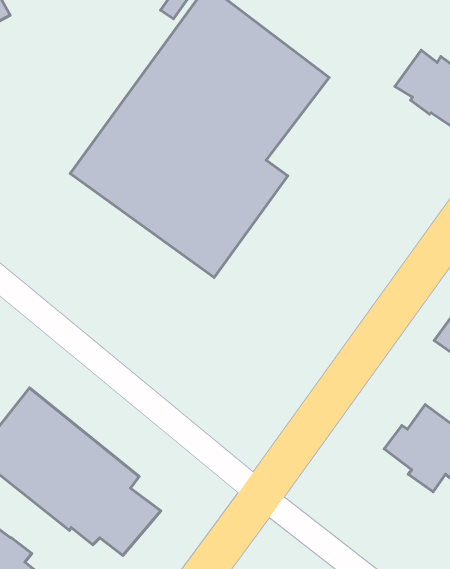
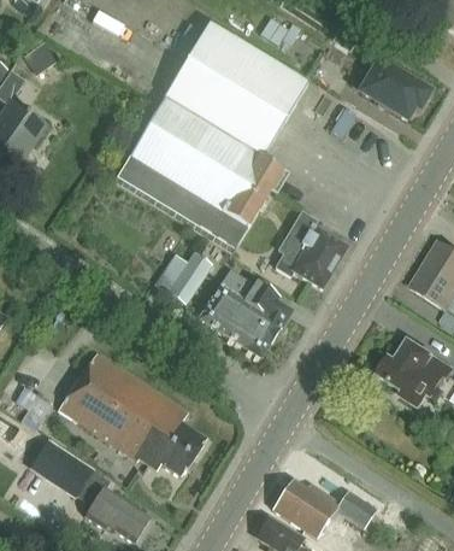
building: none -> [276,211,347,287]
building: none -> [153,251,211,304]
building: none -> [199,269,291,357]

